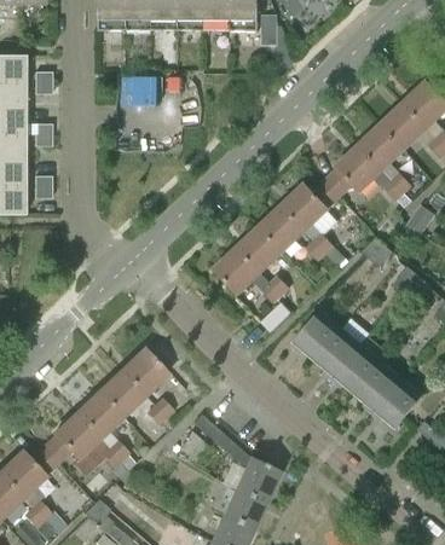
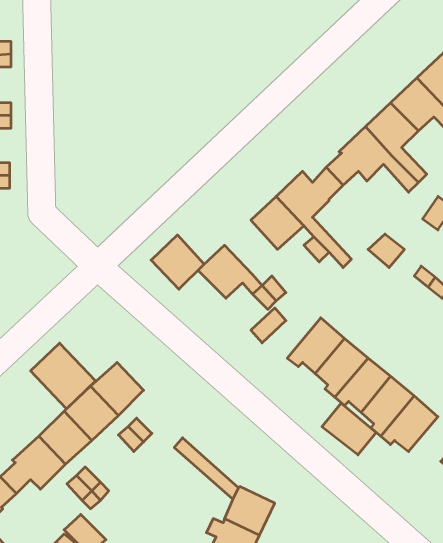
building: [237,226,283,273] -> [151,235,204,289]
building: none -> [31,343,96,409]
building: none -> [322,403,376,455]

